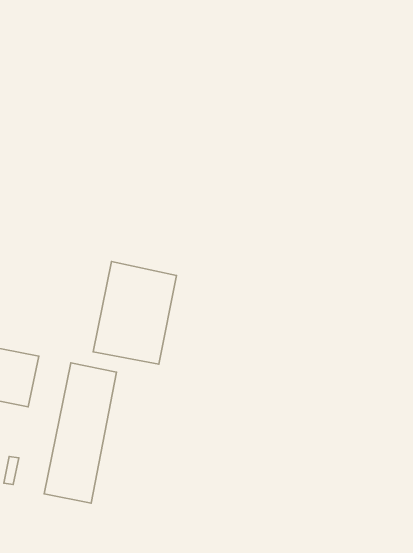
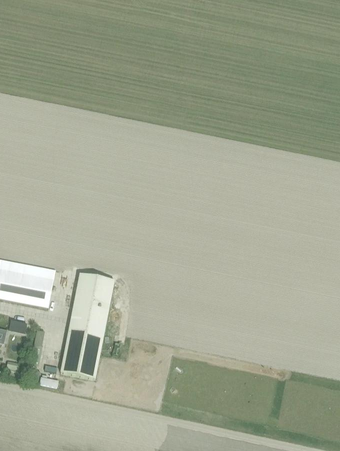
building: [93,261,177,364] -> none

